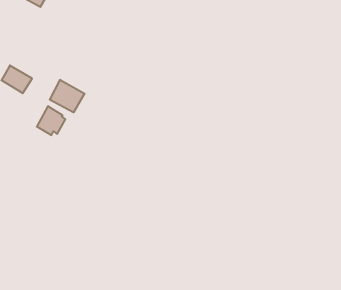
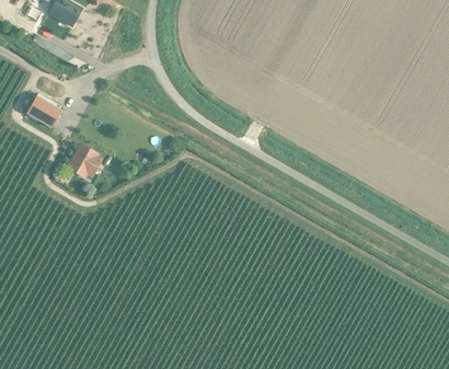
building: [50,80,85,112] -> none

